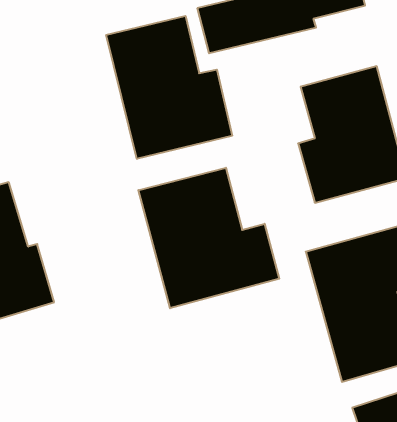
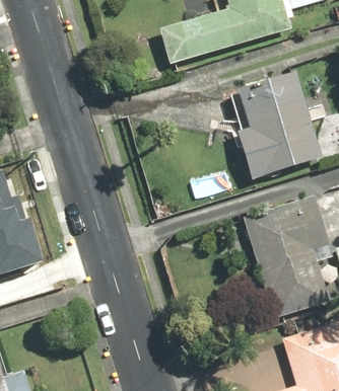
building: [106,16,232,159] -> none
building: [138,168,279,308] -> none

